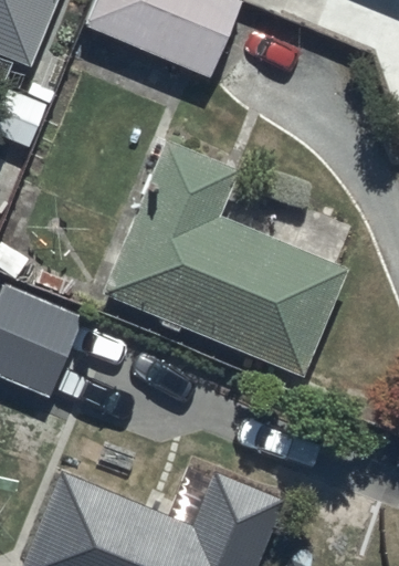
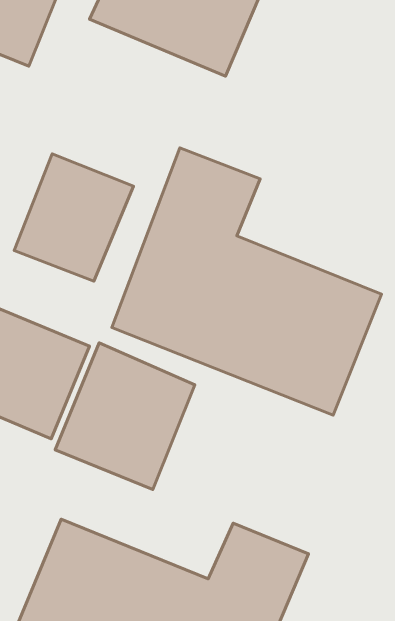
building: none -> [14,154,133,281]
building: none -> [55,343,195,490]

